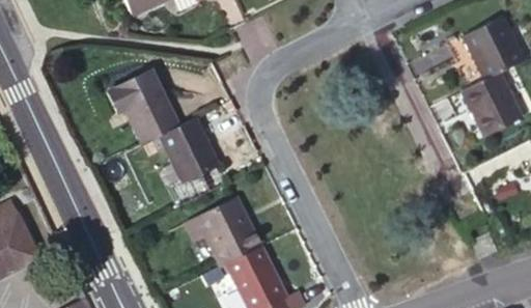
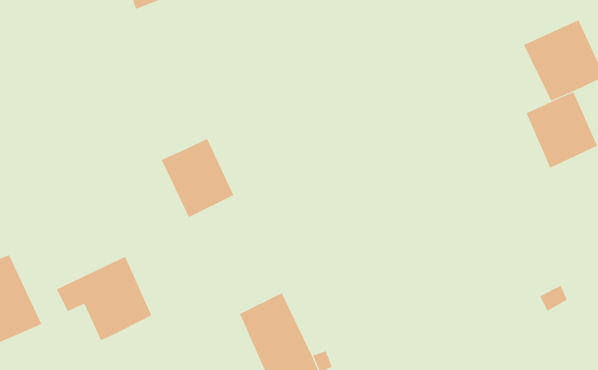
building: [103,63,175,141] -> none
building: [175,192,254,261] -> [56,256,152,341]

